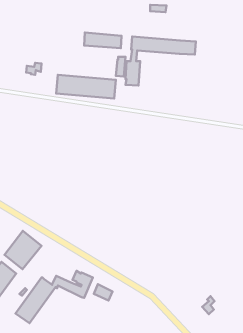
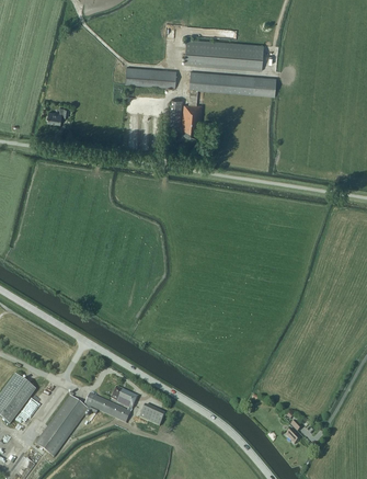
building: [56,75,116,99] -> [184,38,264,70]
building: [4,231,41,269] -> none

